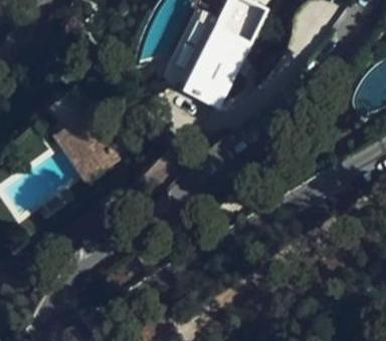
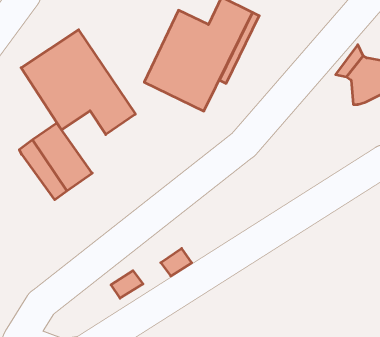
building: none -> [21,30,135,135]

